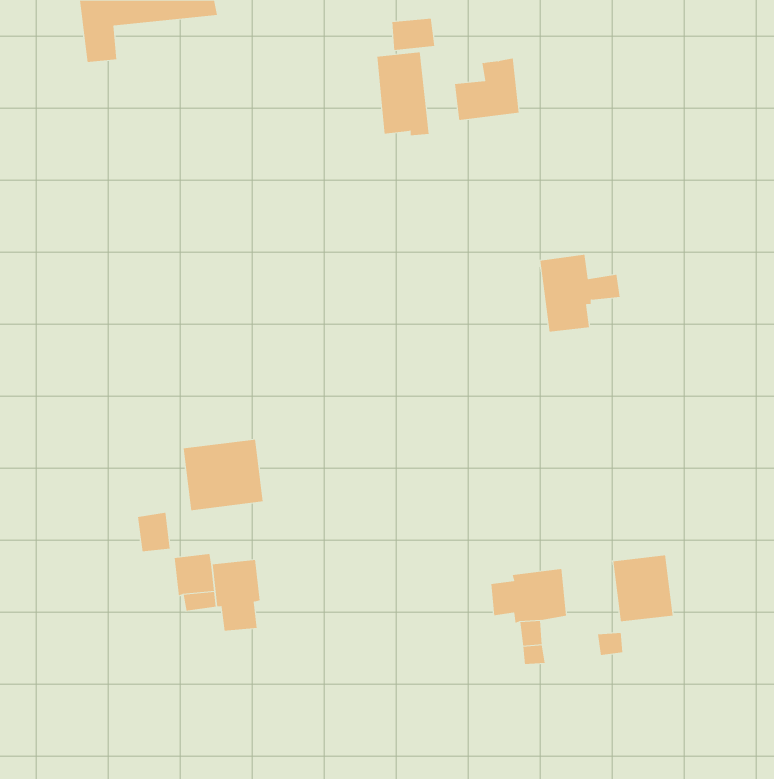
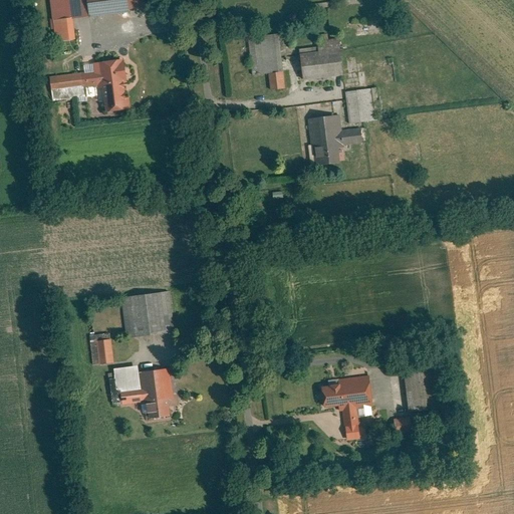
building: [392,18,435,51] -> none
building: none -> [48,52,127,109]
building: none -> [345,87,376,122]
building: [540,254,620,332] -> [308,114,361,166]

